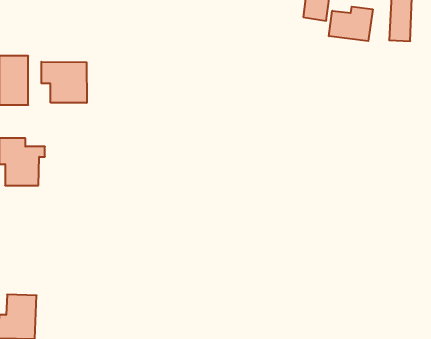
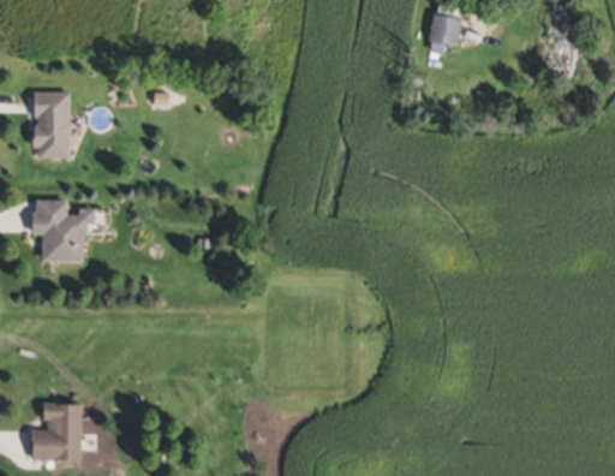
building: [329,7,373,41] -> none
building: [41,62,87,103] -> none

